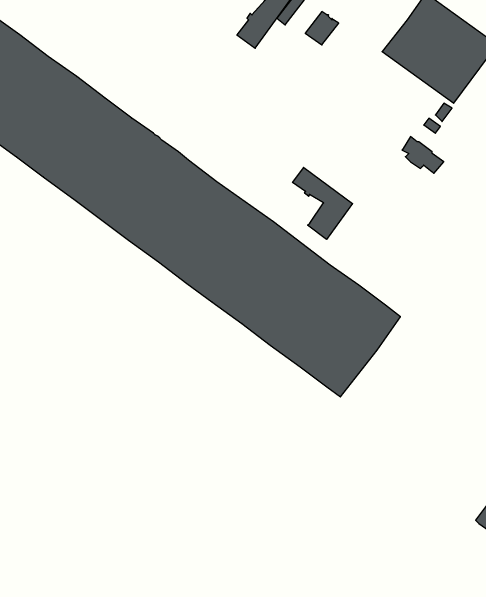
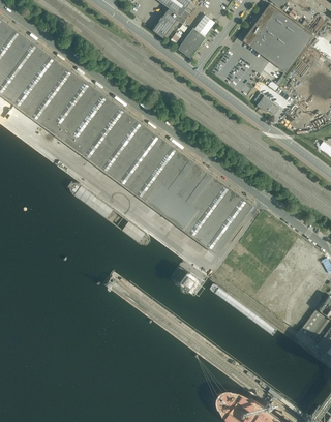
building: none -> [177,28,205,58]
building: [293,167,353,239] -> none

